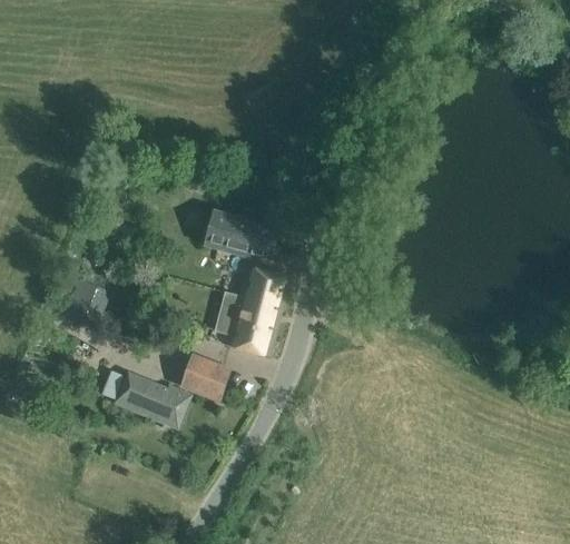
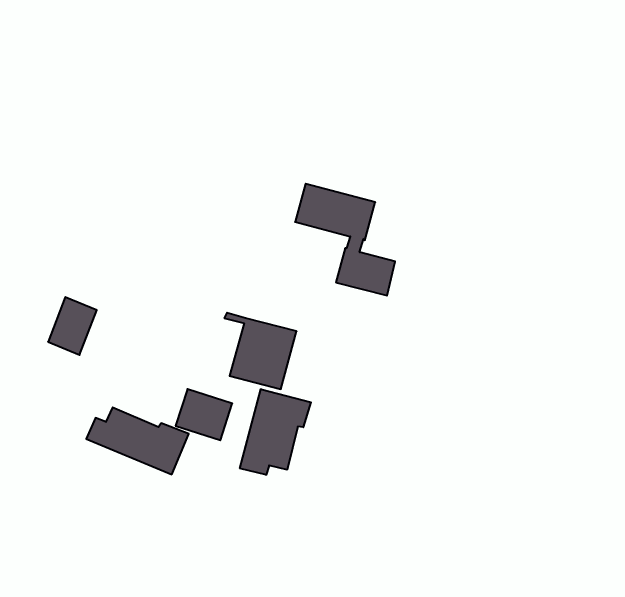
building: [202,209,286,304] -> [295,184,395,296]
building: none -> [240,389,311,475]

